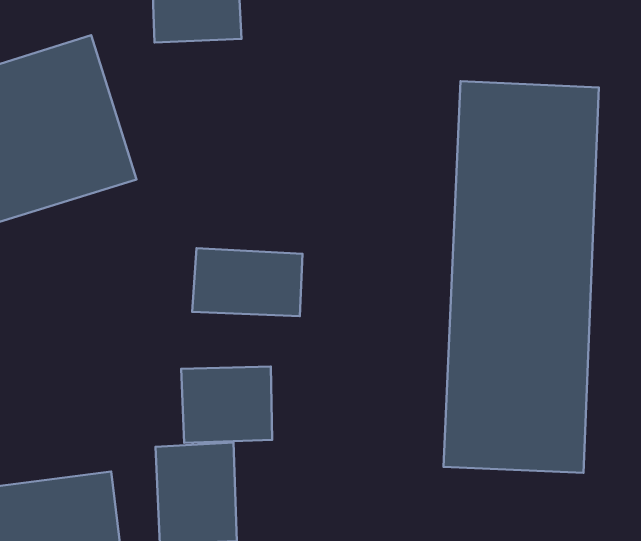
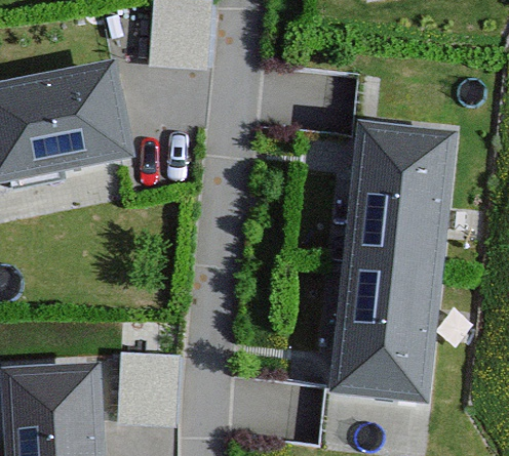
building: [192,248,302,316] -> none
building: [181,367,272,443] -> none

